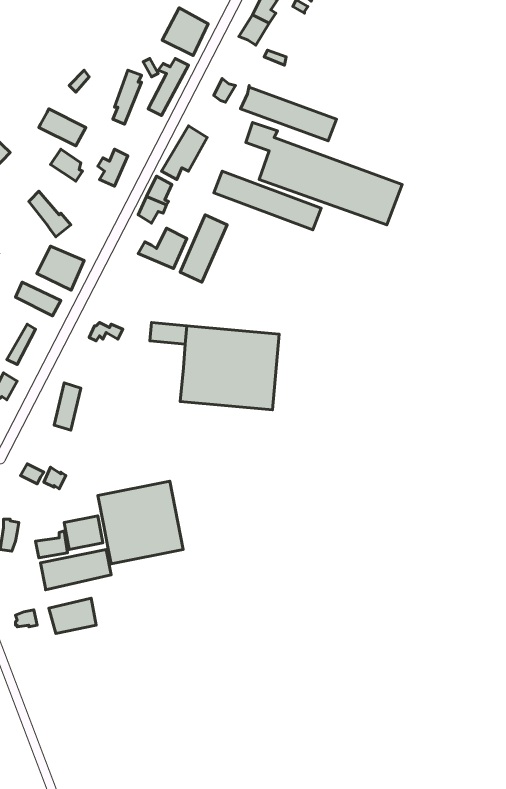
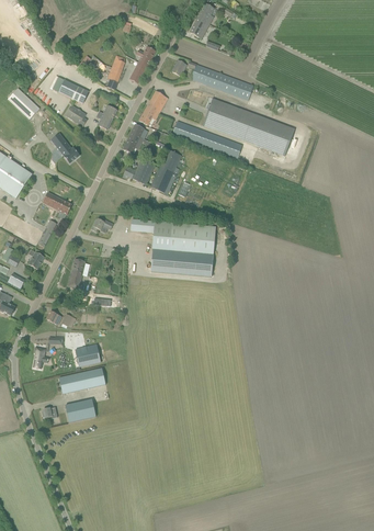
building: [162,8,208,56] -> none
building: [37,246,84,290] -> none
building: [98,481,183,564] -> none

